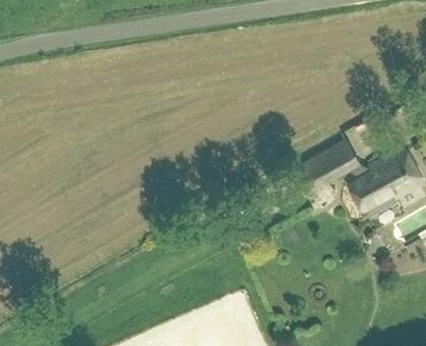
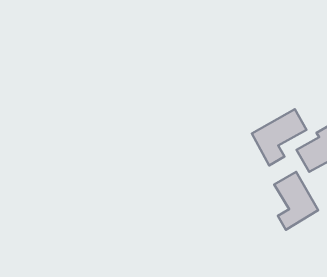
building: none -> [274,172,318,230]

